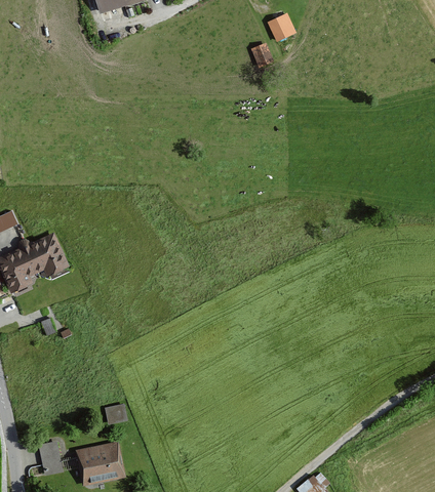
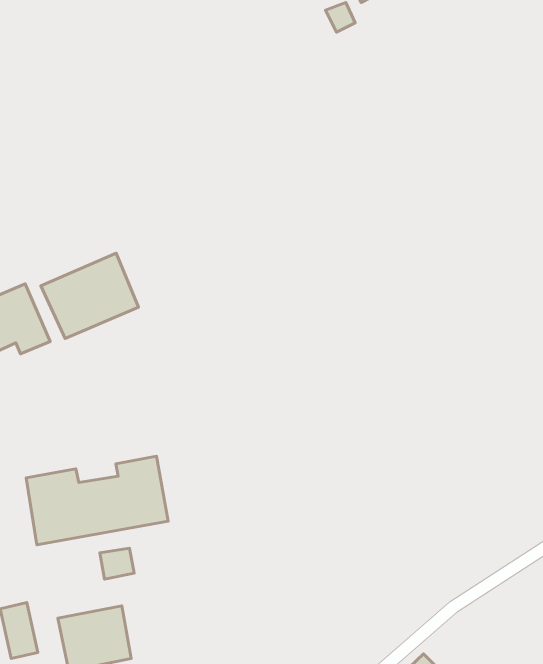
building: none -> [41,253,139,338]
building: none -> [26,456,168,545]

